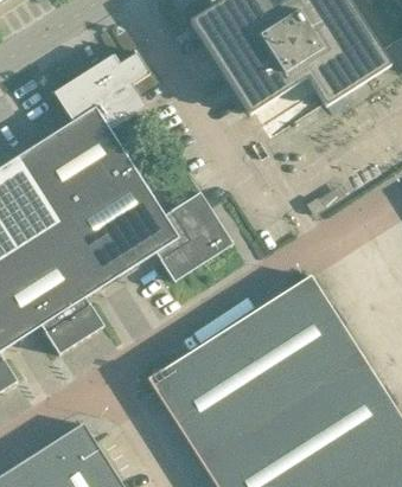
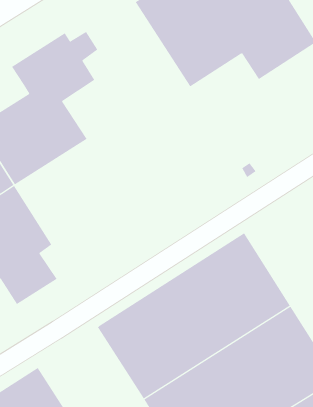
building: [57,172,234,288] -> none

